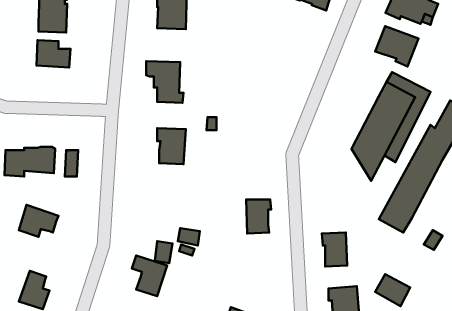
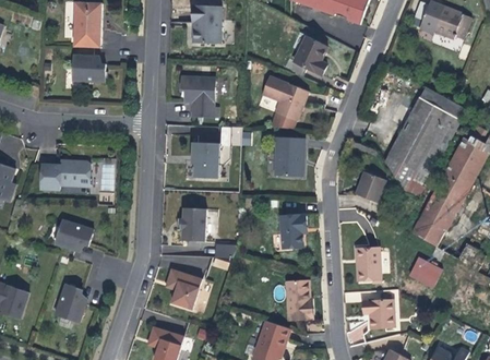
building: none -> [283,35,327,76]
building: [375,26,418,67] -> none
building: none -> [265,72,308,119]
building: none -> [276,136,304,176]
building: none -> [355,171,385,203]
building: none -> [181,207,206,241]
building: none -> [284,278,310,317]
building: [375,274,410,306] -> [404,252,439,284]

